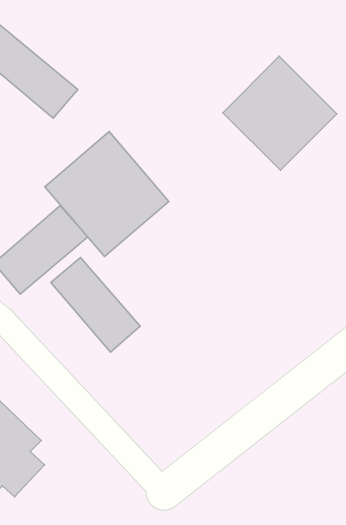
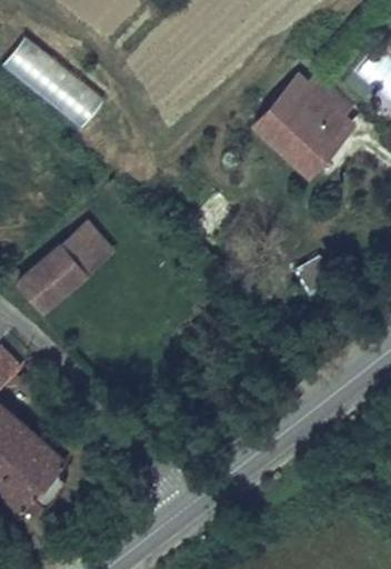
building: [45,132,169,256] -> none
building: [51,258,140,352] -> none

